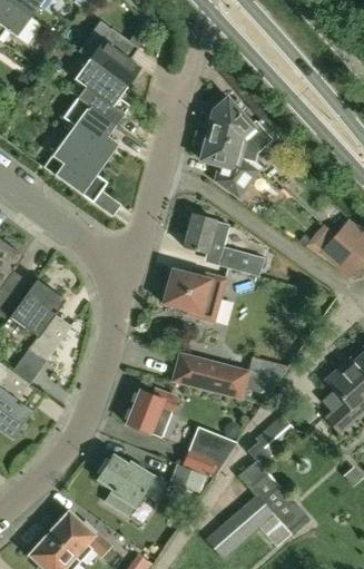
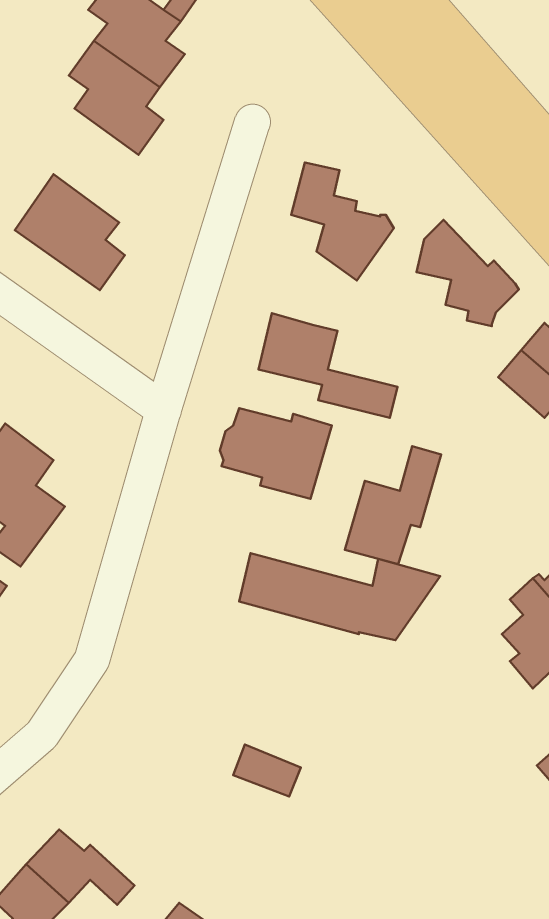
building: [61,97,117,163] -> none
building: [209,98,268,159] -> [416,220,519,326]
building: none -> [345,446,441,564]
building: [126,390,176,438] -> none
building: [205,414,309,557] -> none
building: [181,426,235,477] -> none
building: [97,457,165,517] -> none

